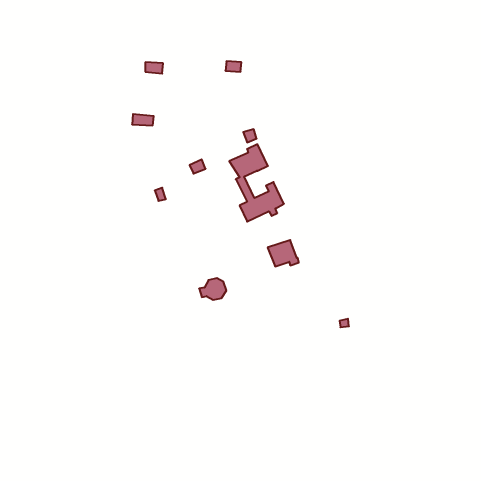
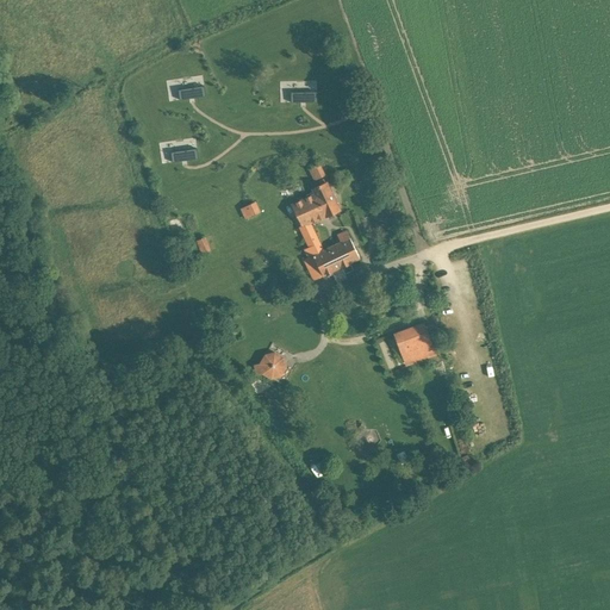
building: [268,240,299,266] -> [394,326,434,360]

